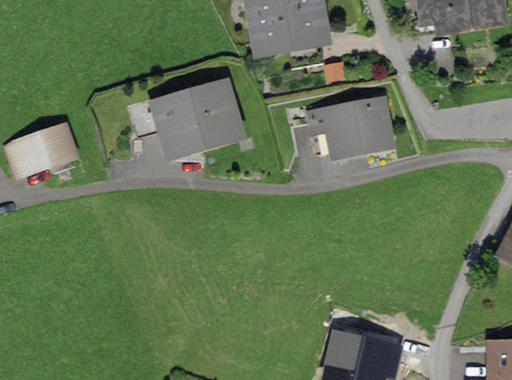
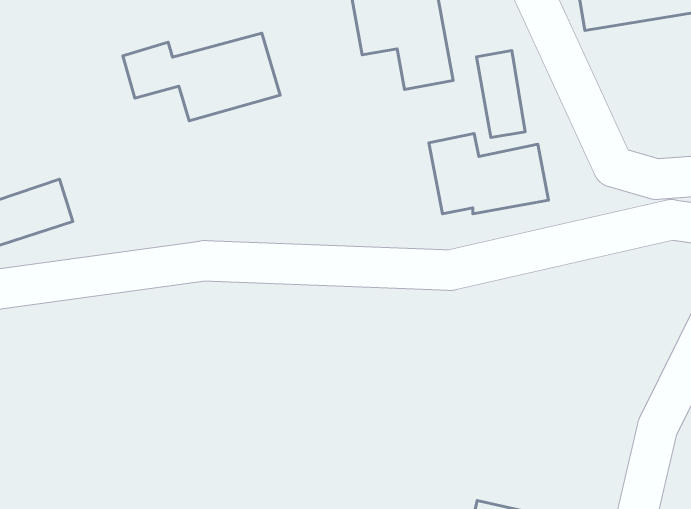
building: none -> [476,51,525,138]
building: [133,89,237,147] -> [123,33,280,121]

